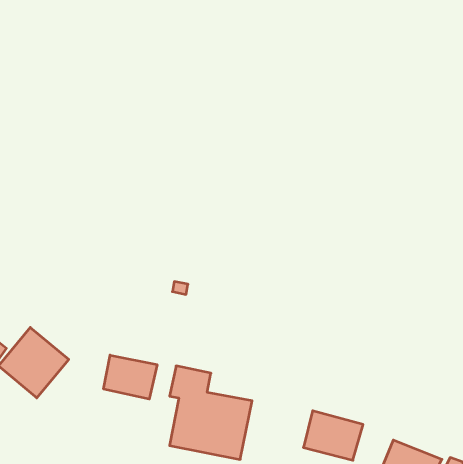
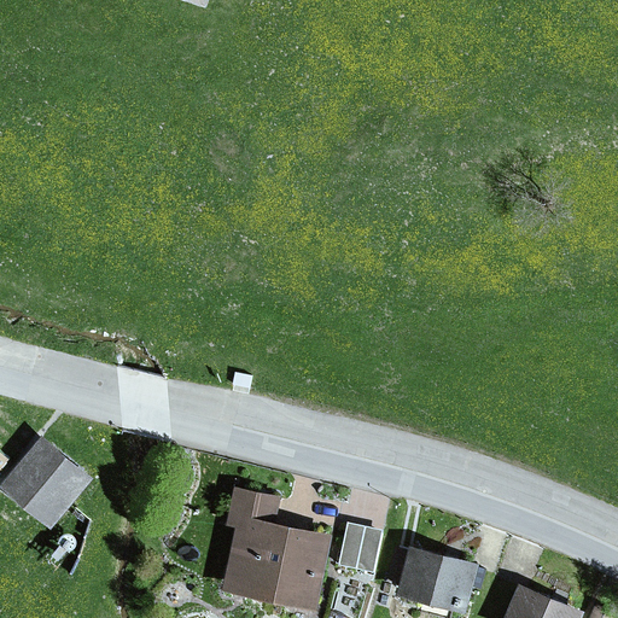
building: [104,355,157,399] -> none
building: none -> [337,525,379,573]

